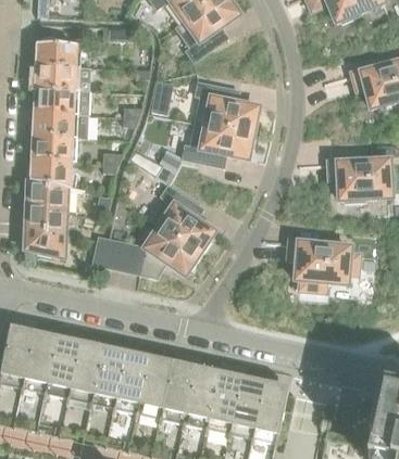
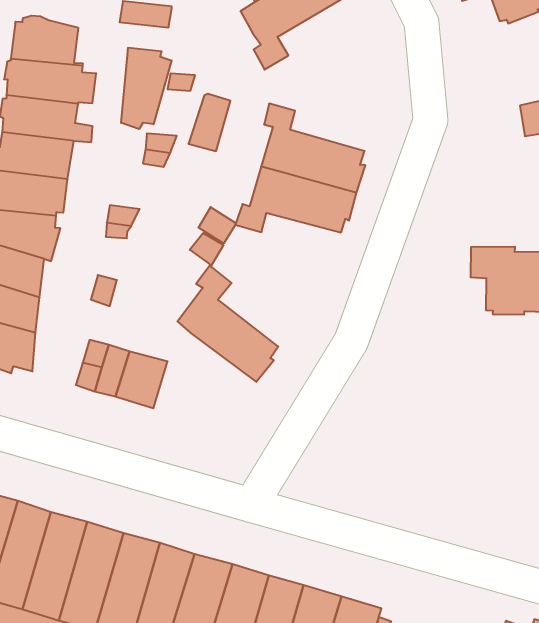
building: none -> [121,48,172,129]
building: [140,226,202,277] -> none
building: [288,239,359,291] -> none

